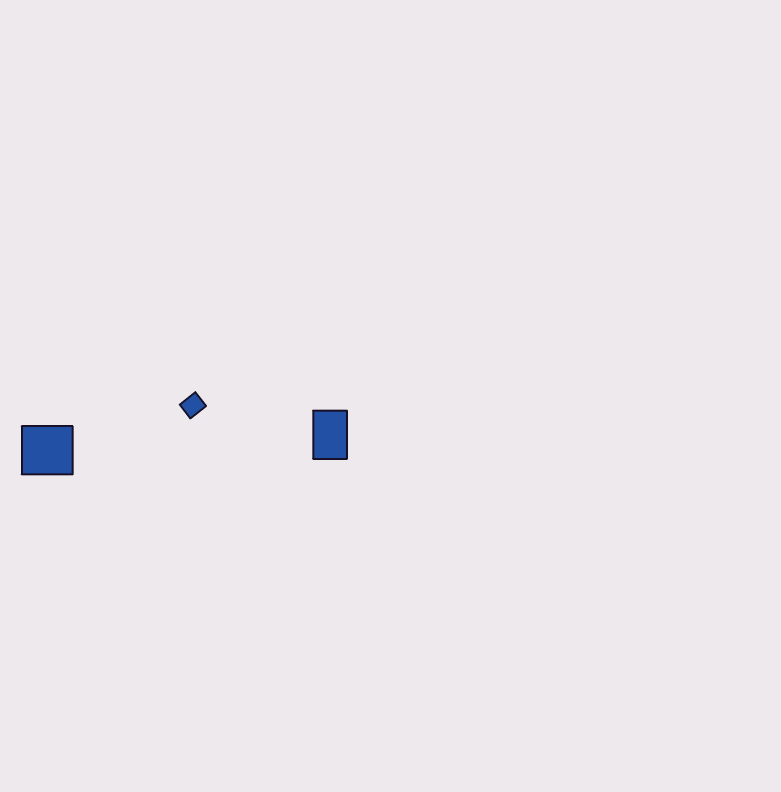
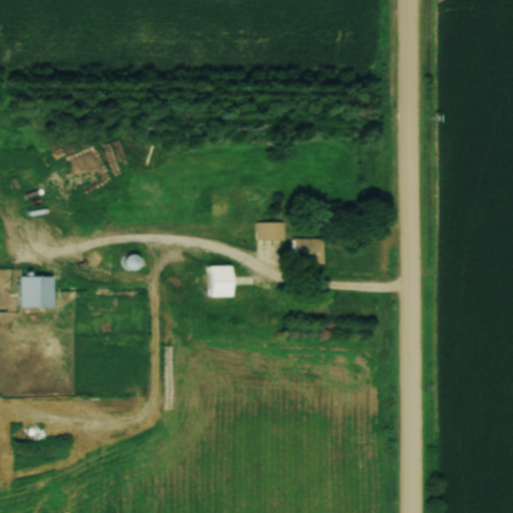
building: none -> [259,222,287,240]
building: none -> [298,239,324,263]

